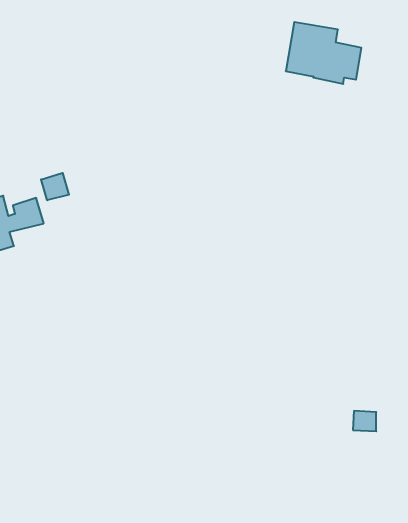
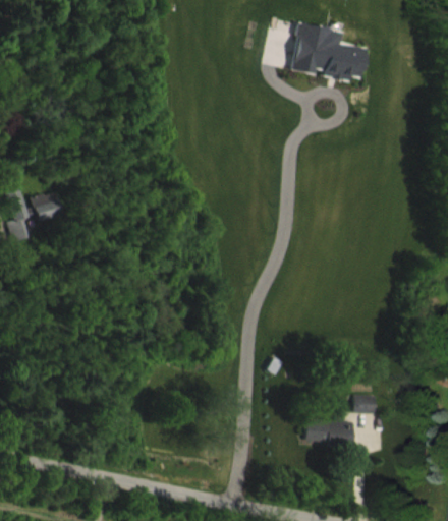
building: [41,173,69,200] -> none
building: none -> [306,419,355,444]

